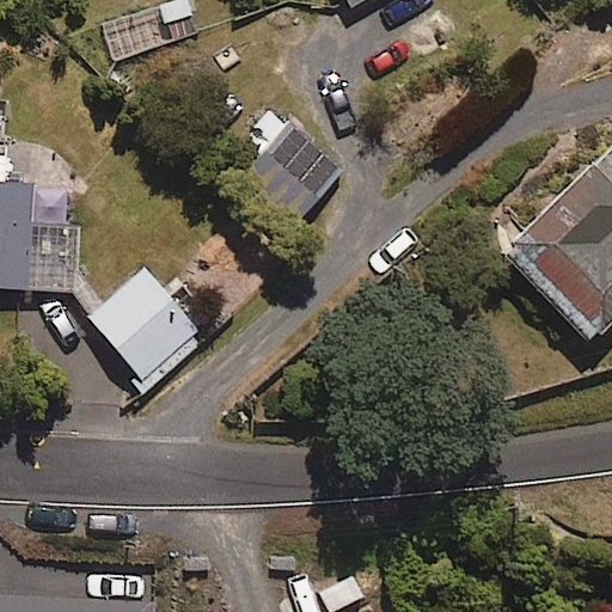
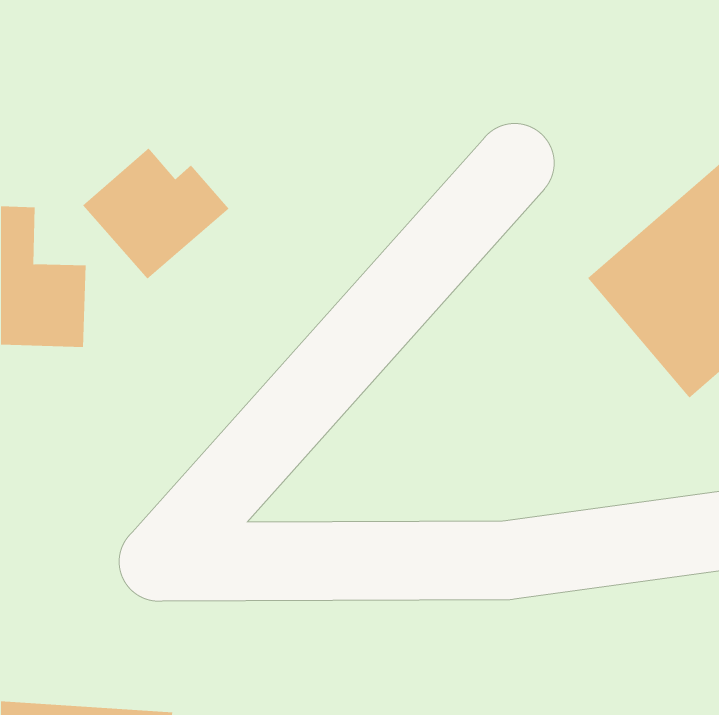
building: [246,127,341,220] -> none
building: [87,274,212,385] -> [82,147,230,279]

